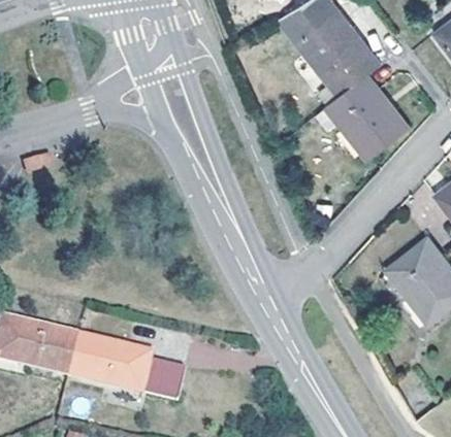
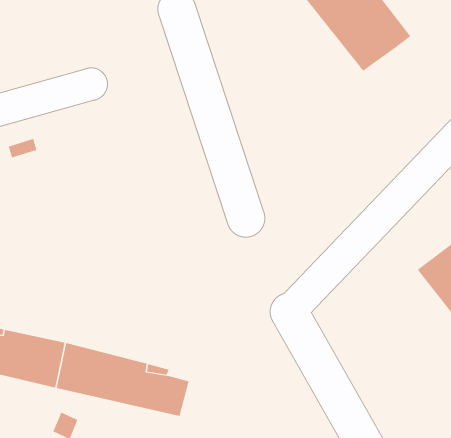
building: [325,74,409,159] -> none

